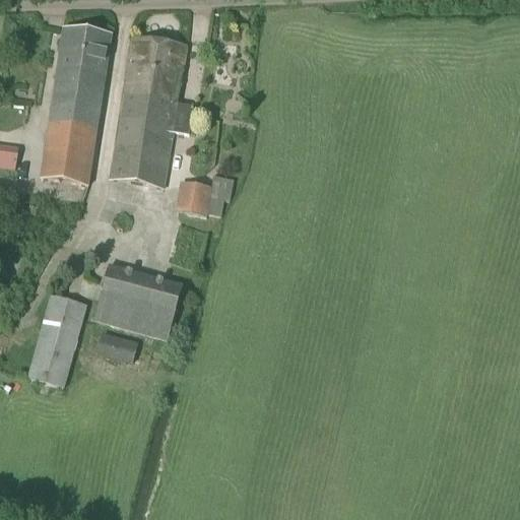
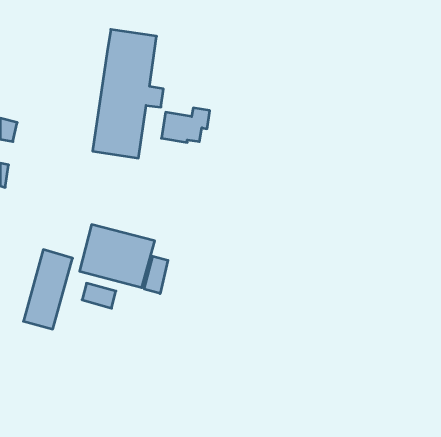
building: [41,26,111,185] -> none
building: [176,175,233,215] -> [161,108,210,142]
building: none -> [144,256,168,294]

